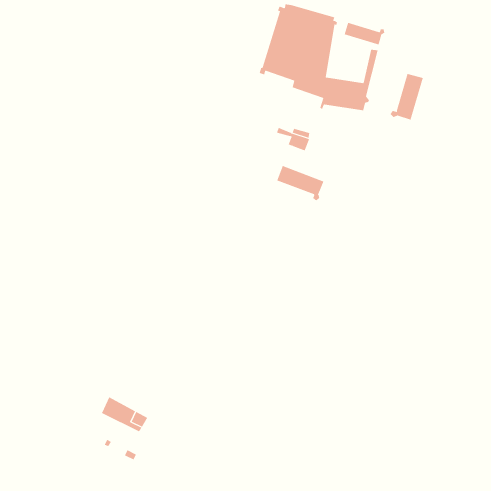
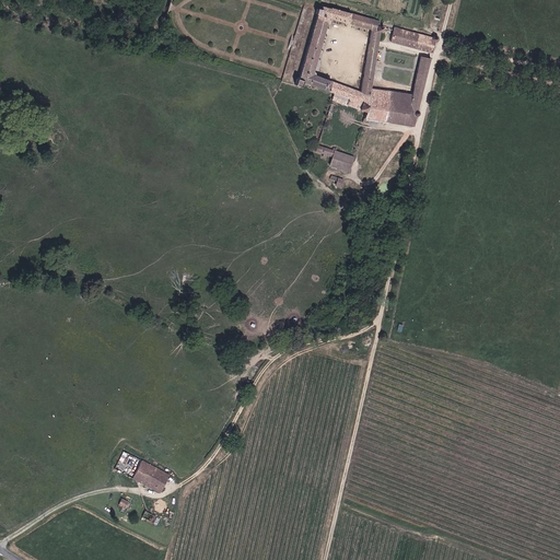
building: [390,73,423,120] -> none
building: [277,165,324,202] -> none

